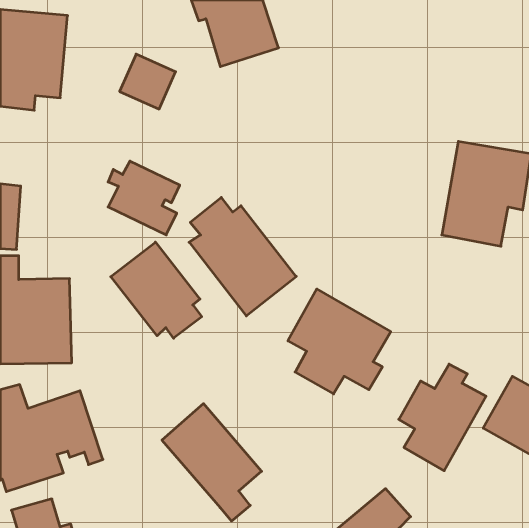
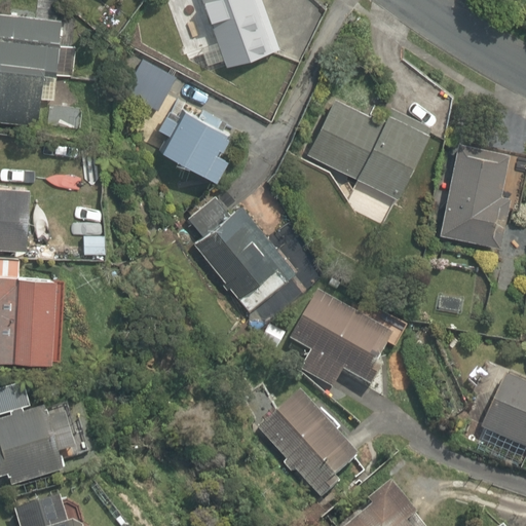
building: none -> [306,101,433,199]
building: [108,161,180,235] -> [156,106,227,179]
building: [111,242,202,338] -> none
building: [399,364,486,471] -> none
building: [162,404,262,521] -> [253,390,351,506]

